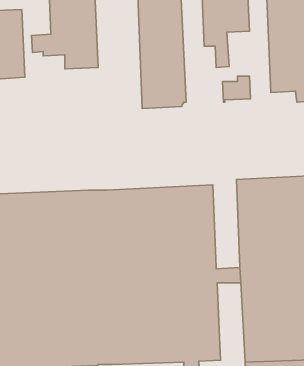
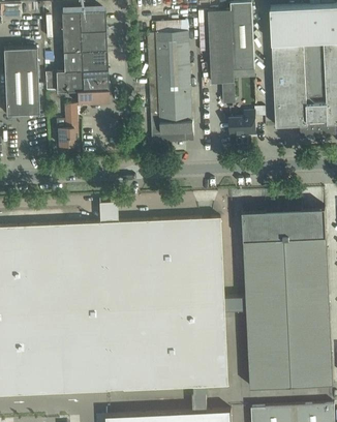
building: none -> [58,106,76,147]

